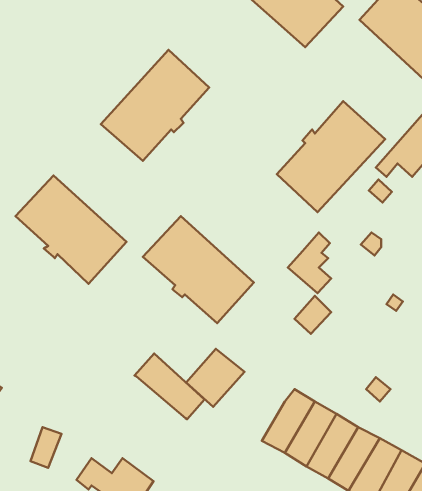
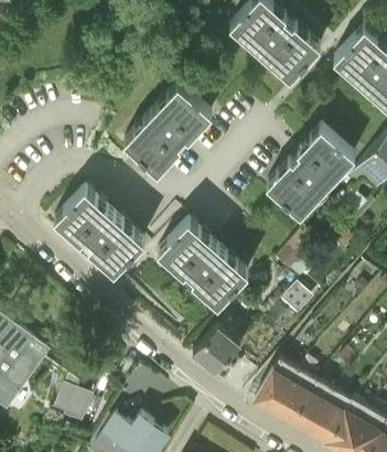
building: [135,353,205,419] -> none

